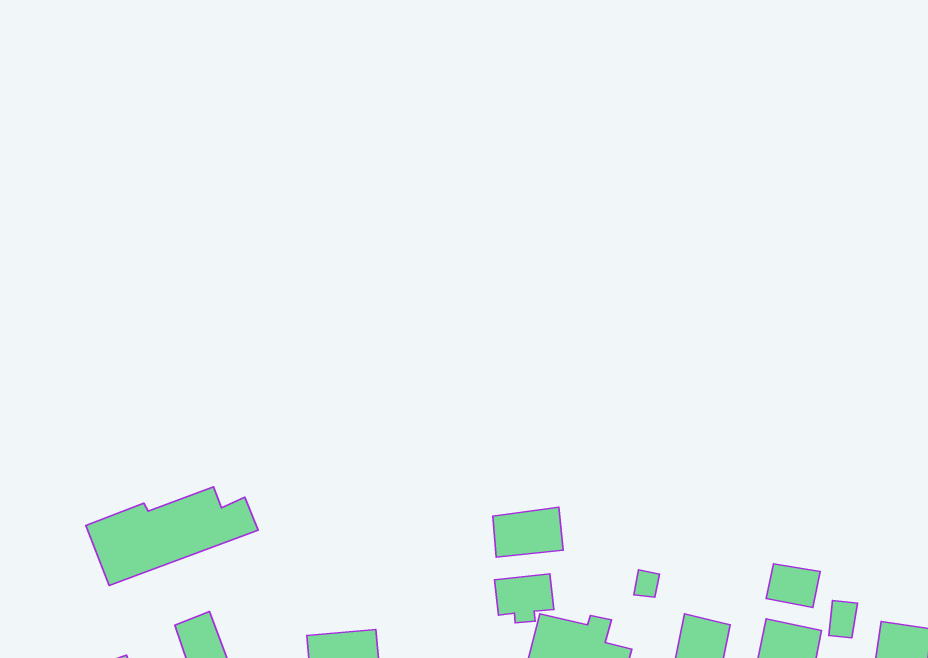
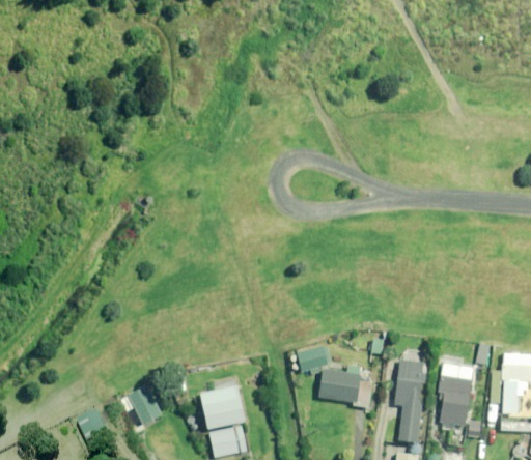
building: [86,487,258,585] -> none
building: [493,507,563,557] -> none
building: [766,564,820,608] -> none

